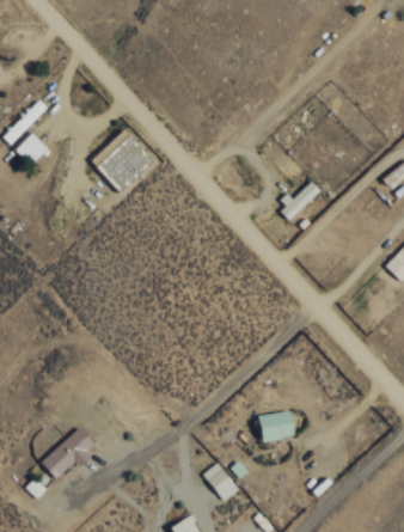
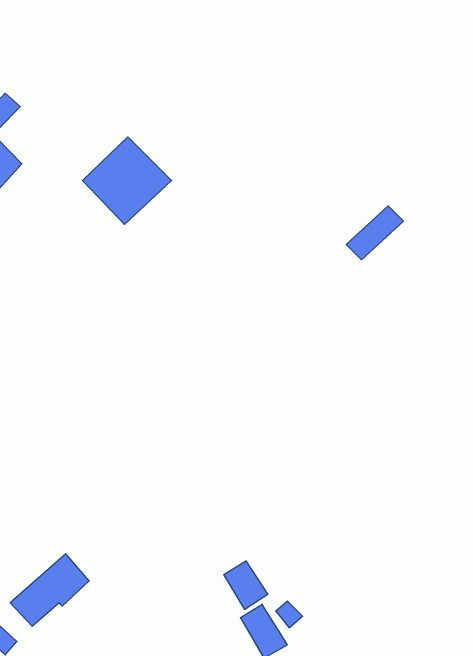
building: [258,409,296,441] -> none
building: none -> [224,561,268,609]

